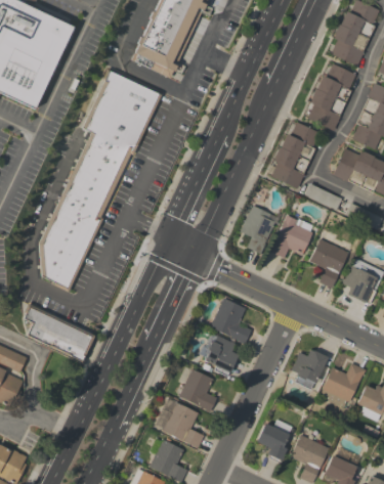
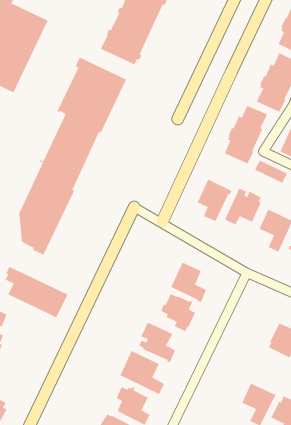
building: [291,349,328,389] -> none
building: [256,420,292,463] -> none

